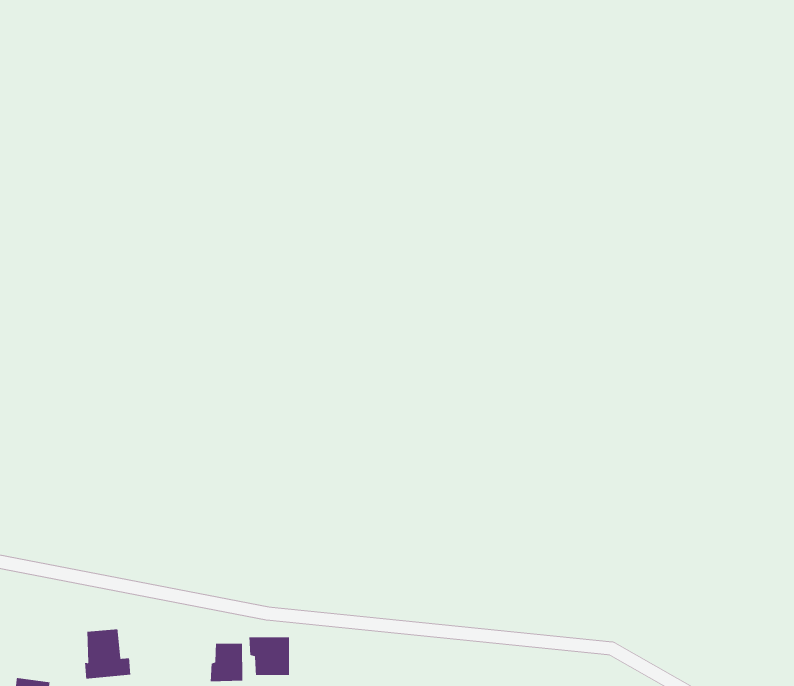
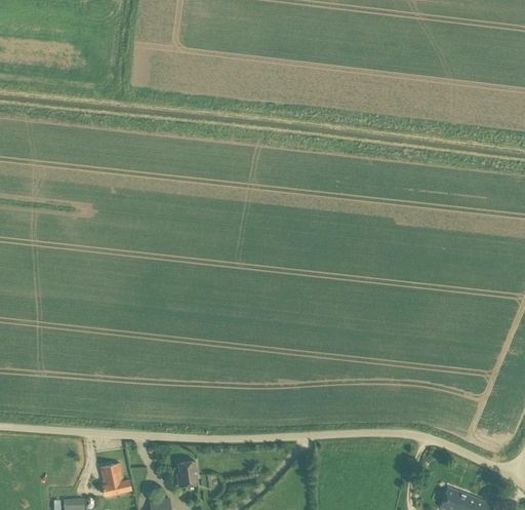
building: [248,636,290,676] -> none

